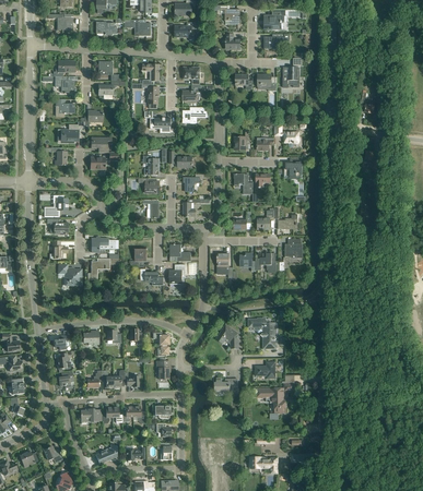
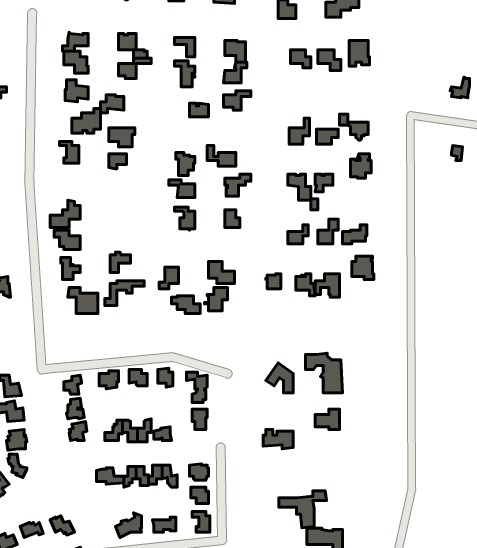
building: [257,383,295,412] -> [279,491,327,528]

